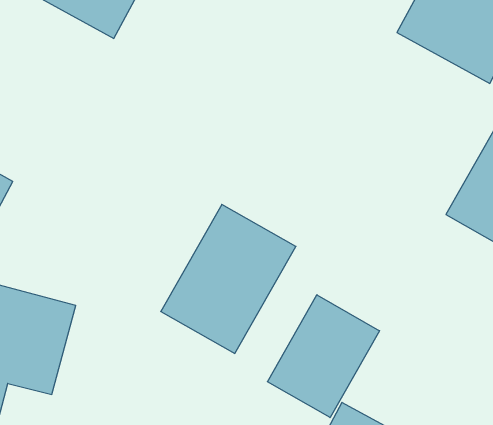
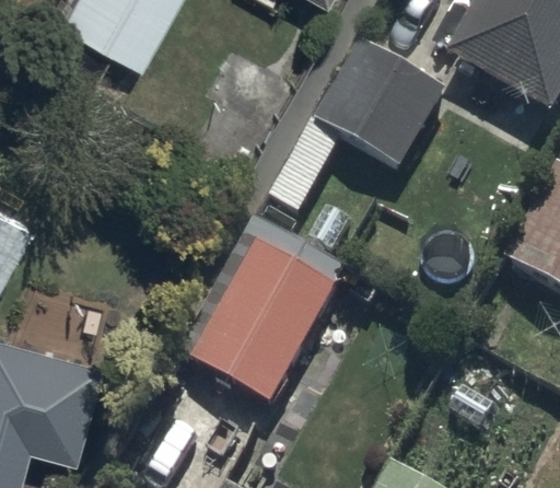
building: none -> [314,39,445,166]
building: [267,295,380,418] -> none

